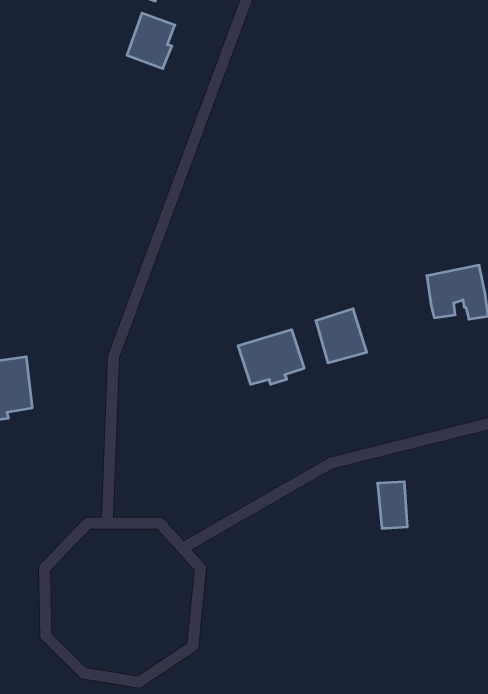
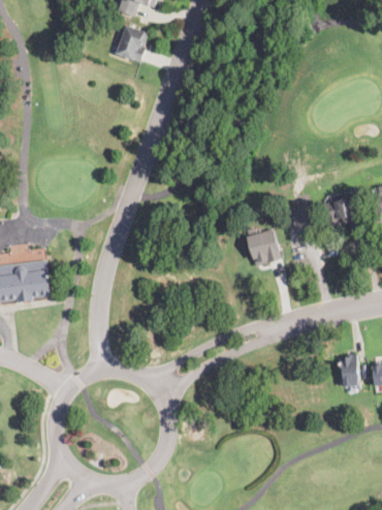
building: [238,330,304,384] -> none
building: [377,482,407,528] -> [339,355,359,387]

